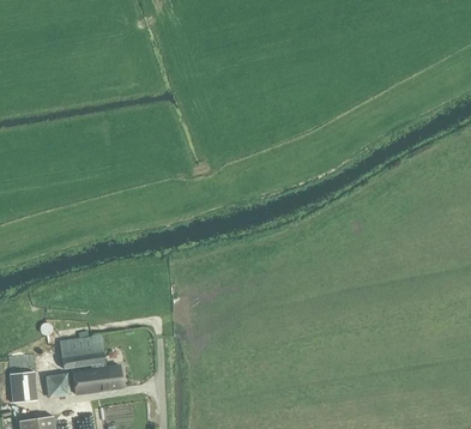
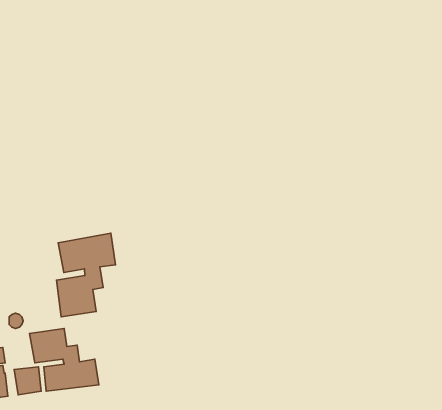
building: none -> [56,233,116,317]

